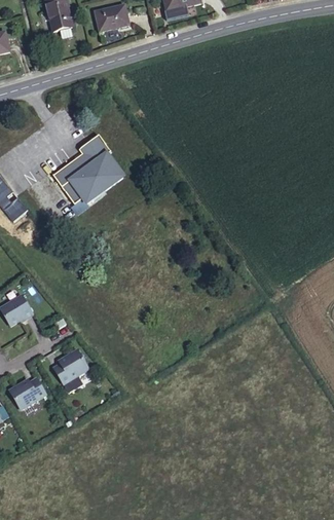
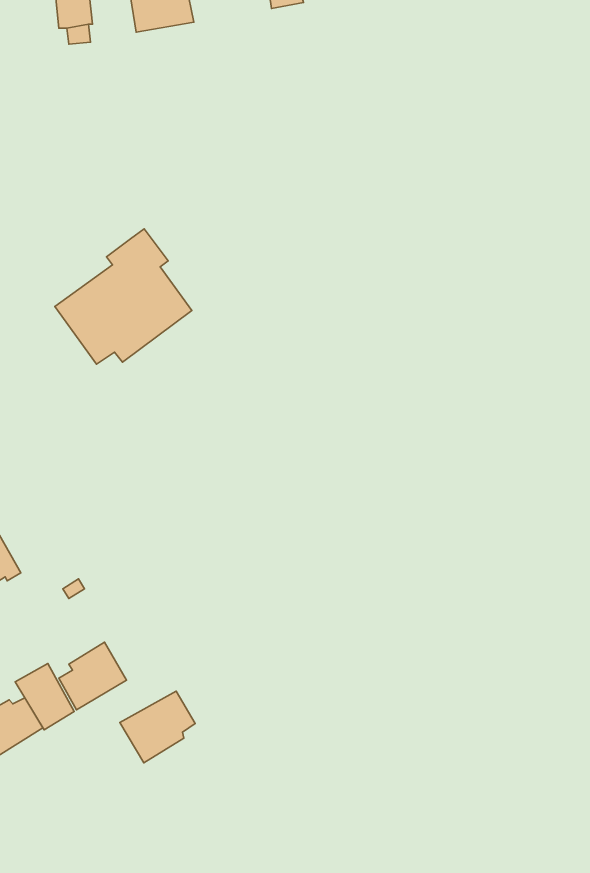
building: none -> [15,664,74,730]
building: none -> [120,691,195,763]

